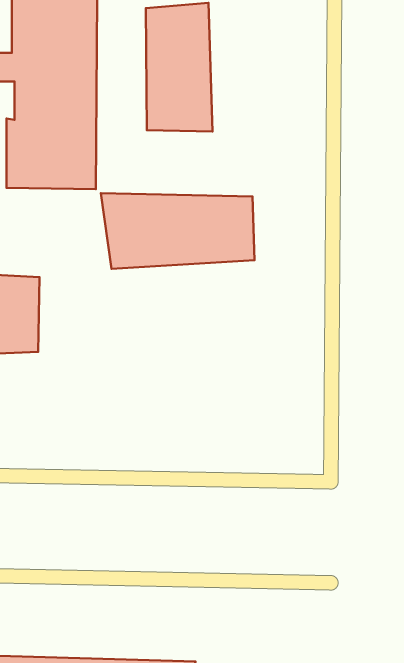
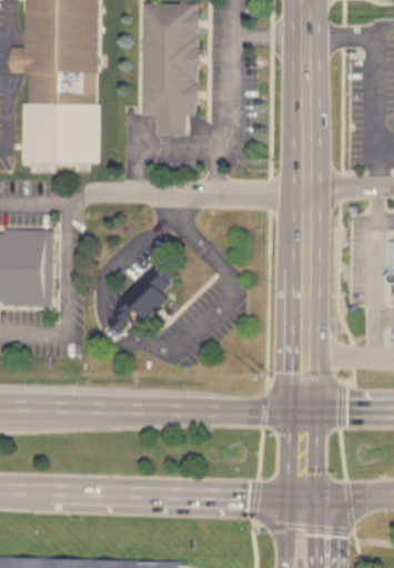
building: [101,193,254,269] -> none
building: none -> [122,266,169,321]

